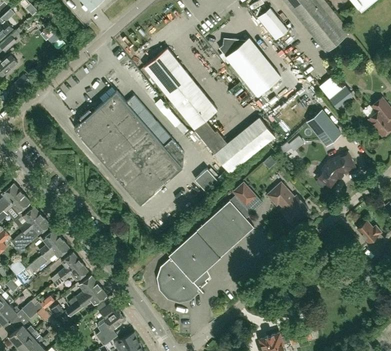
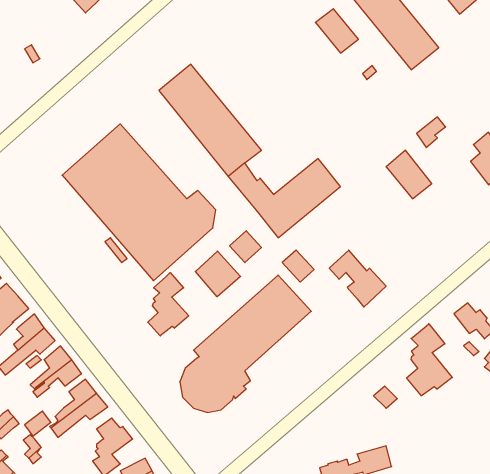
building: [219,38,280,96] -> none
building: [317,153,354,188] -> none
building: none -> [195,251,241,297]
building: none -> [148,273,189,336]
building: none -> [407,324,452,396]

